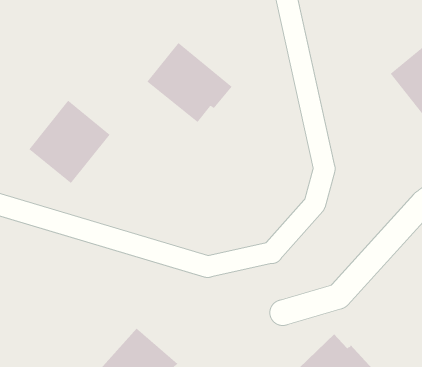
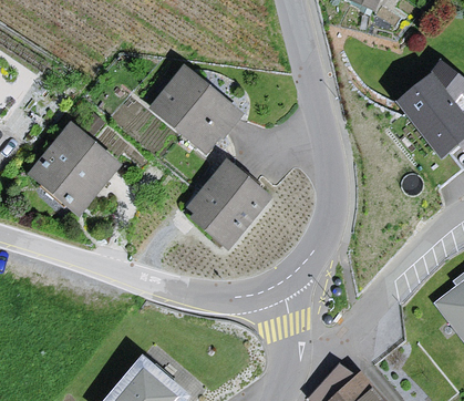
building: none -> [189,162,268,246]

